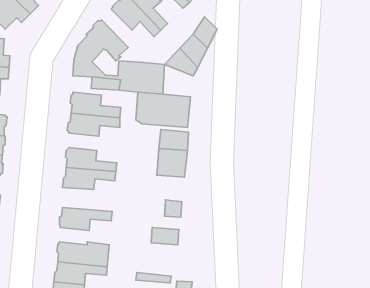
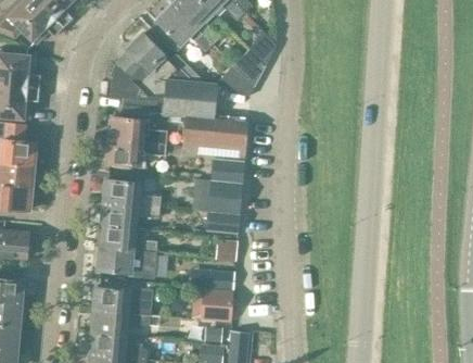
building: none -> [206,211,240,234]
building: none -> [100,225,158,252]
building: none -> [201,289,232,322]

